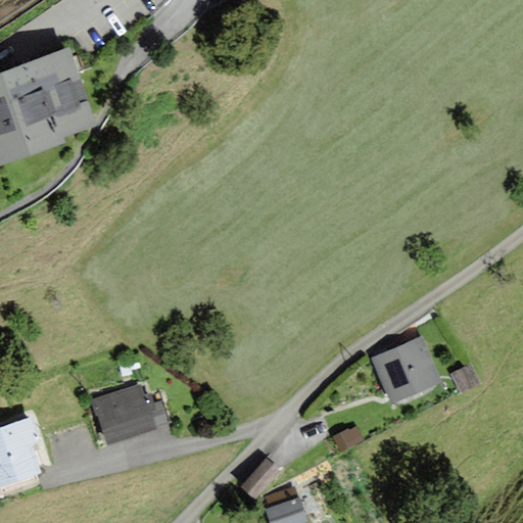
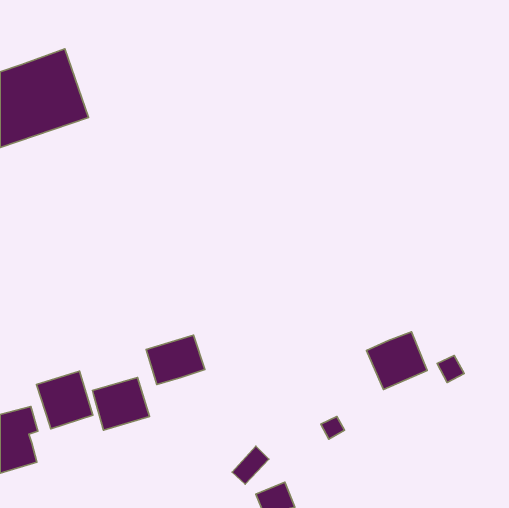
building: none -> [146,335,205,385]
building: none -> [36,371,93,429]

